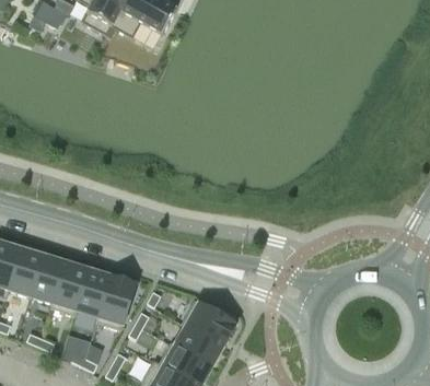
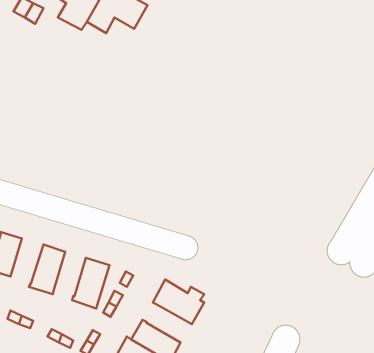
building: [31,255,66,302] -> none
building: [77,269,111,316] -> none
building: [175,325,223,365] -> none

